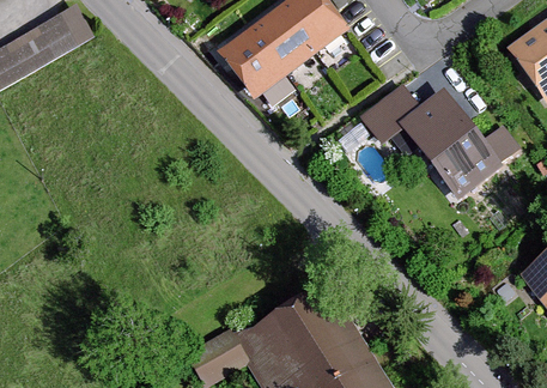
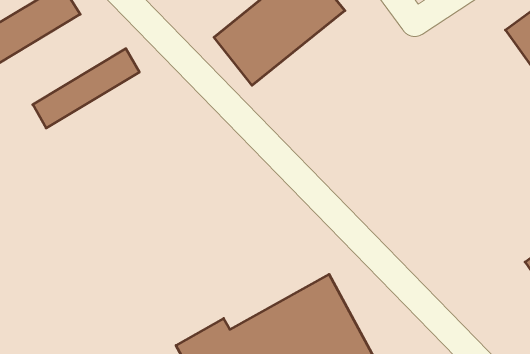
building: none -> [33,49,139,128]
building: [360,78,502,199] -> none

